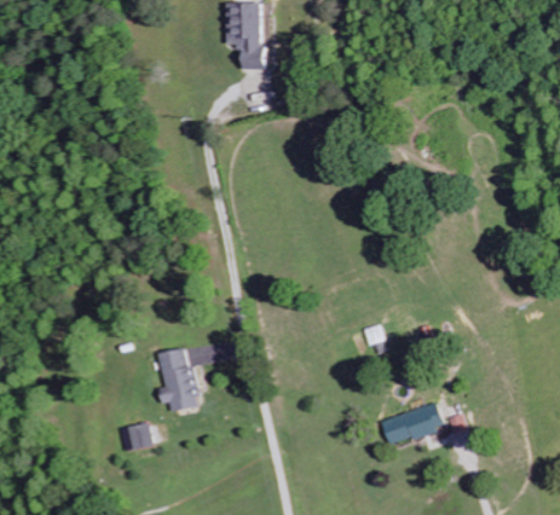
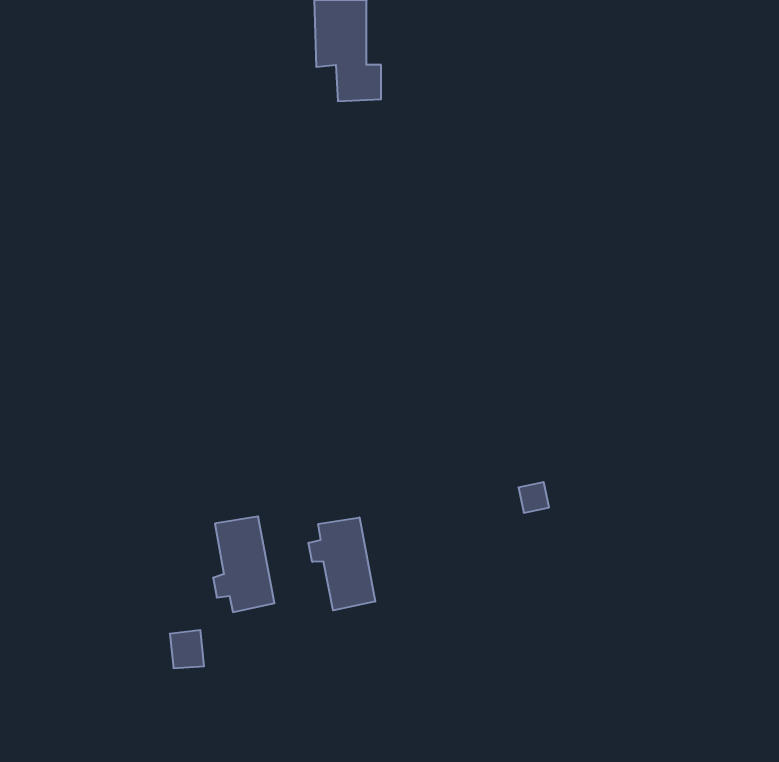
building: none -> [308,517,375,610]
building: [379,404,441,445] -> none

